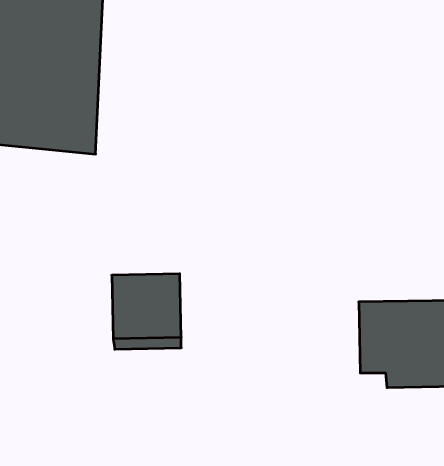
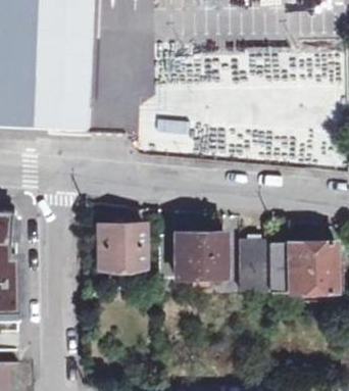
building: none -> [161,232,225,280]
building: none -> [239,241,270,293]

